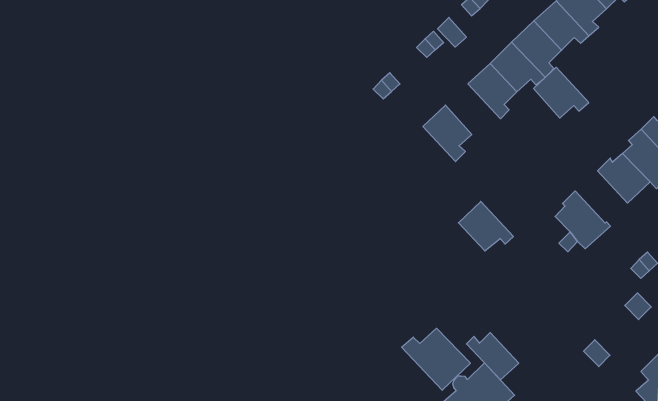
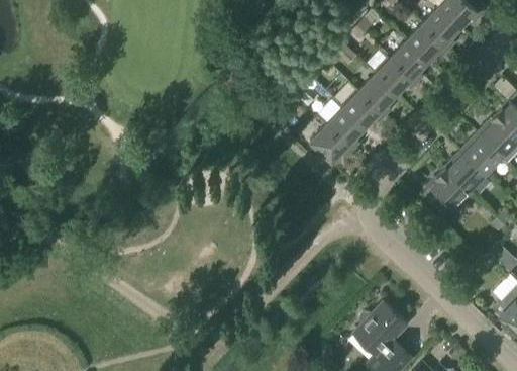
building: [534,67,589,118] -> [342,91,385,129]
building: none -> [444,152,485,191]
building: [458,201,513,251] -> [310,125,352,163]
building: [402,328,470,390] -> none
building: [466,333,519,380] -> none

